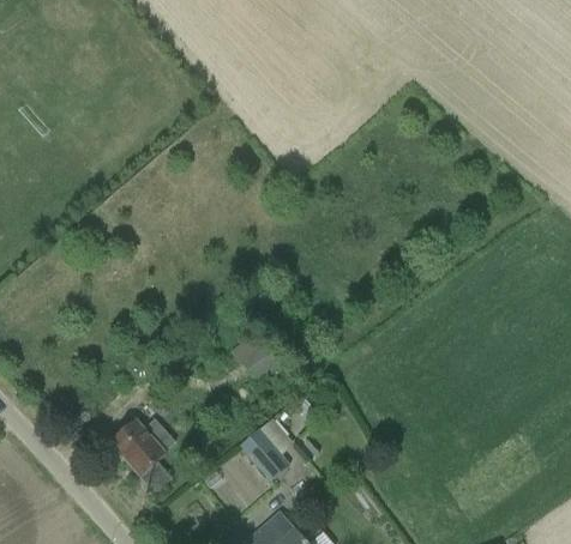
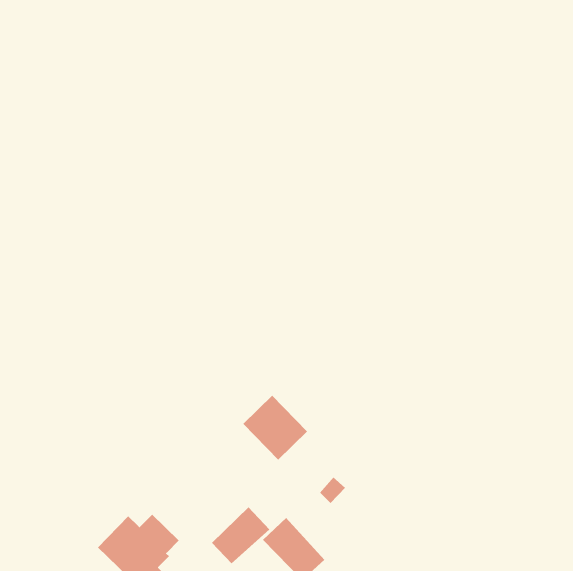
building: none -> [211,507,270,564]

